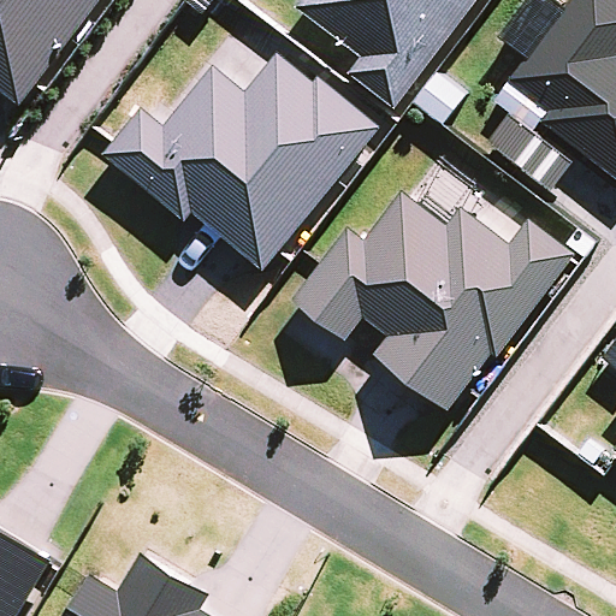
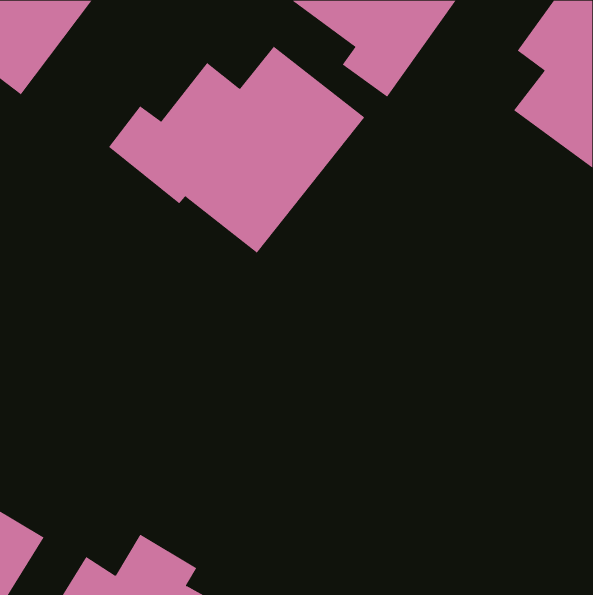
building: [301,190,578,404] -> none

